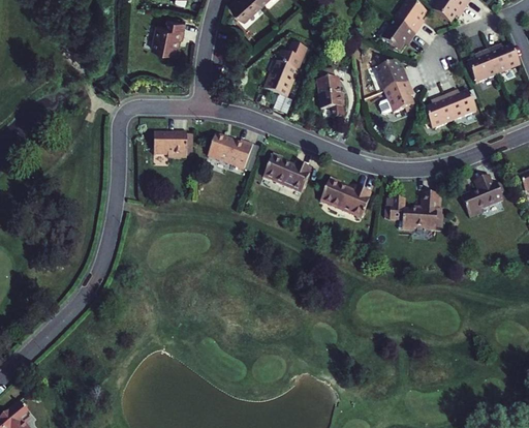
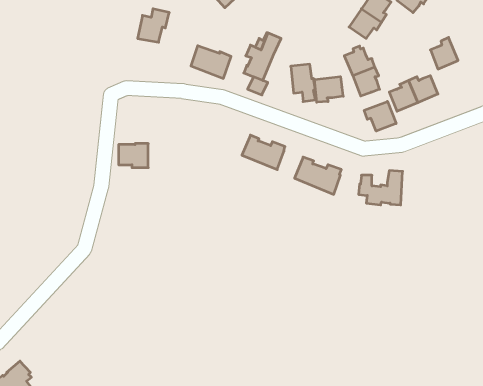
building: [488,43,520,73] -> none
building: none -> [315,77,343,102]
building: none -> [364,101,396,131]
building: [155,131,187,157] -> [119,144,148,168]
building: [210,132,253,167] -> [191,46,231,78]
building: [462,175,504,216] -> none

